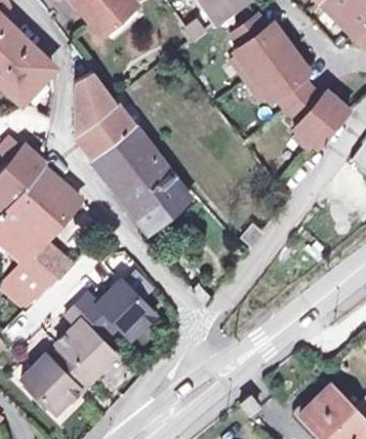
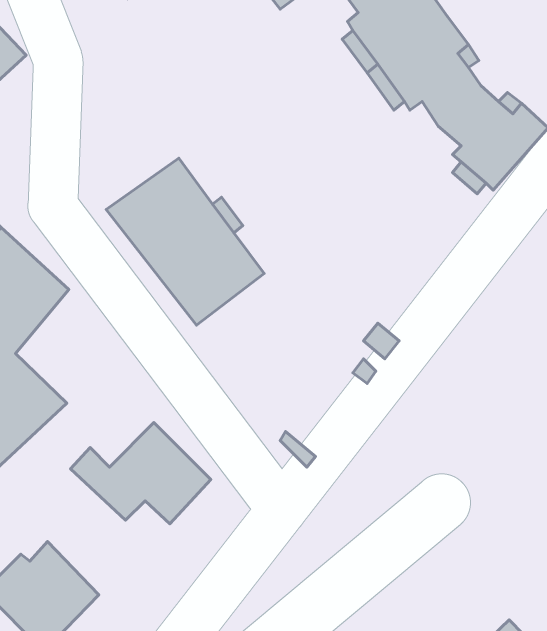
building: [81,71,137,158] -> none
building: [57,308,116,381] -> none

